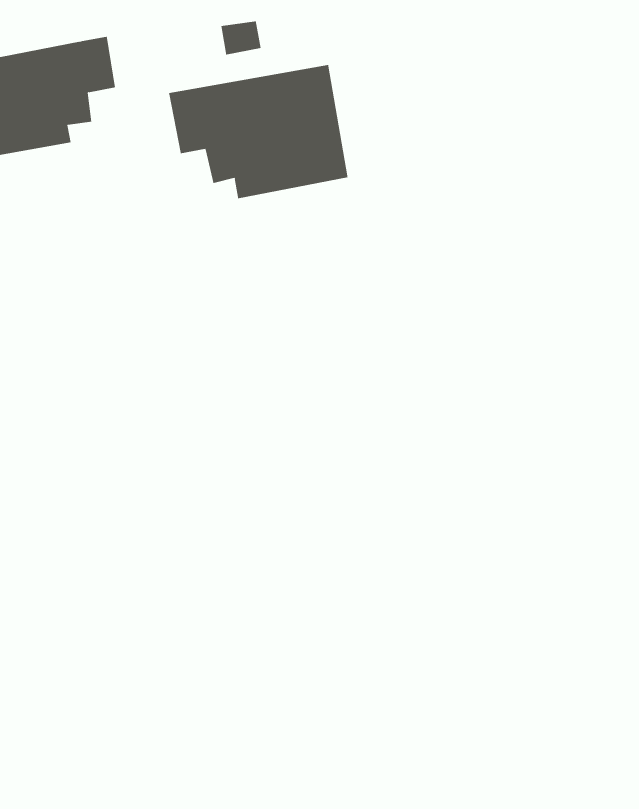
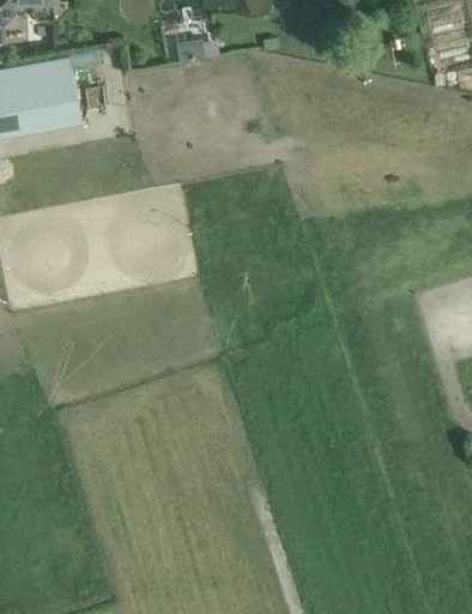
building: [169,64,348,199] -> none

